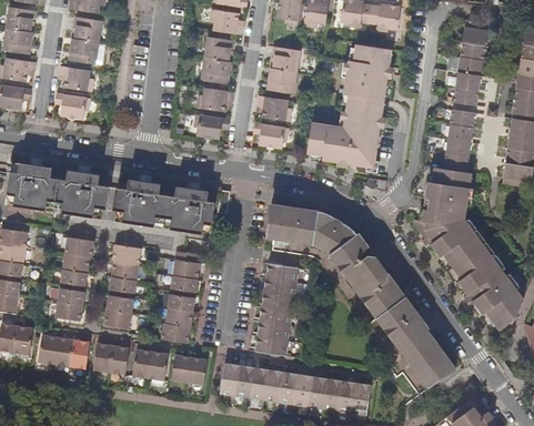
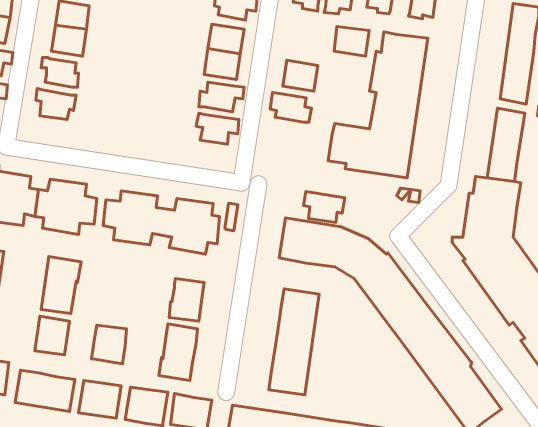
building: [271,47,301,72] -> [334,27,369,56]
building: [253,122,289,149] -> [303,191,345,222]
building: [109,244,141,293] -> none

